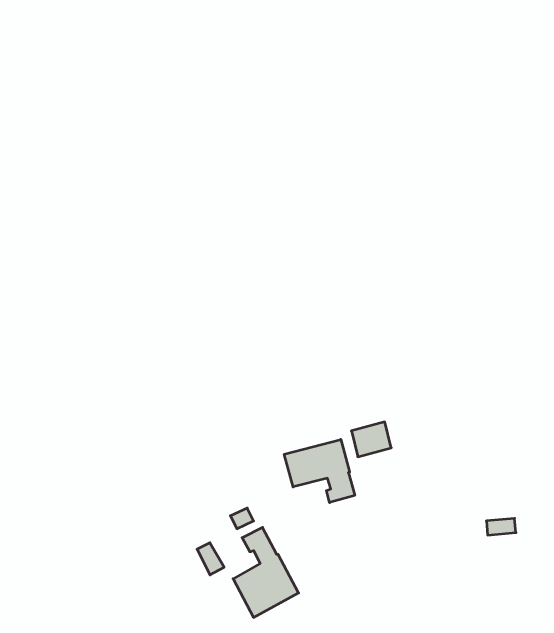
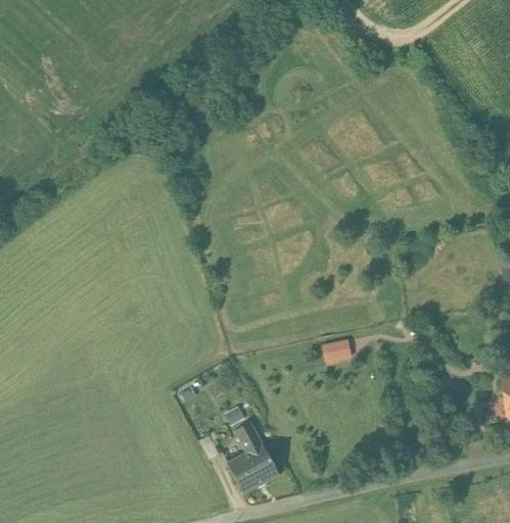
building: [284,439,355,503] -> none

